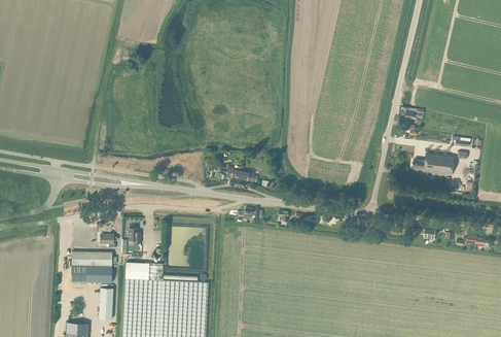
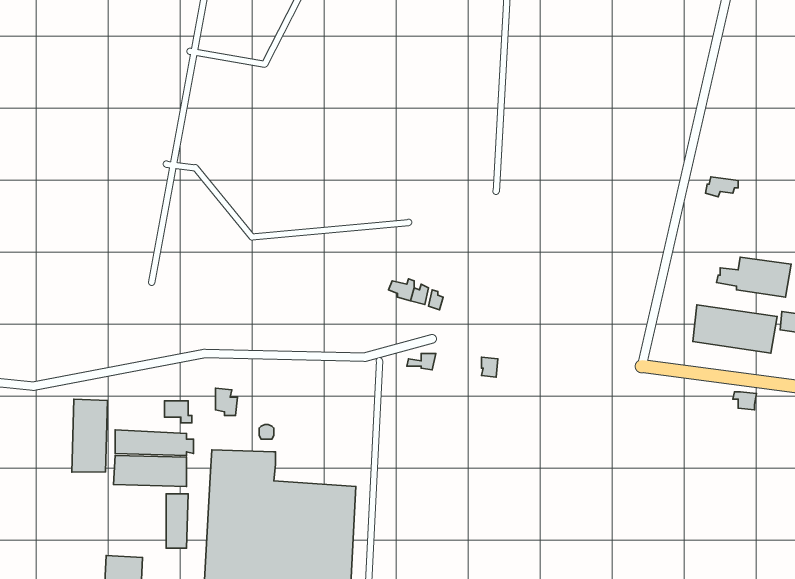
building: none -> [693,305,777,353]
building: none -> [72,399,107,472]

